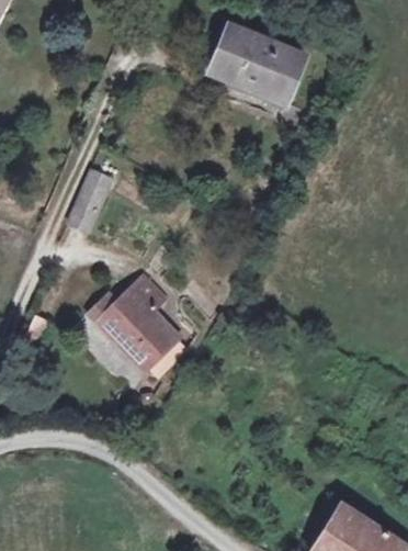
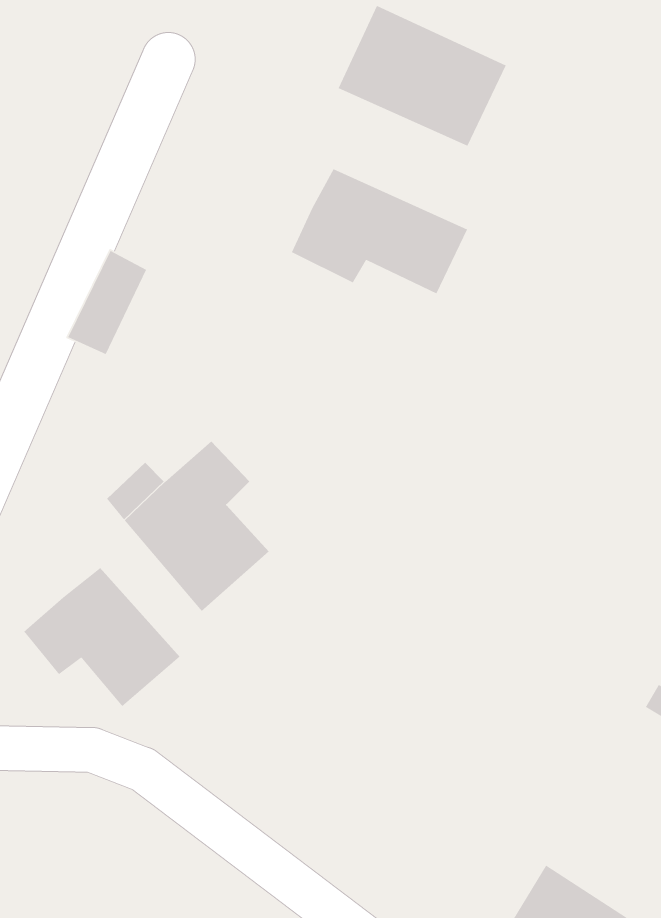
building: none -> [291,168,468,295]
building: none -> [23,567,181,707]

